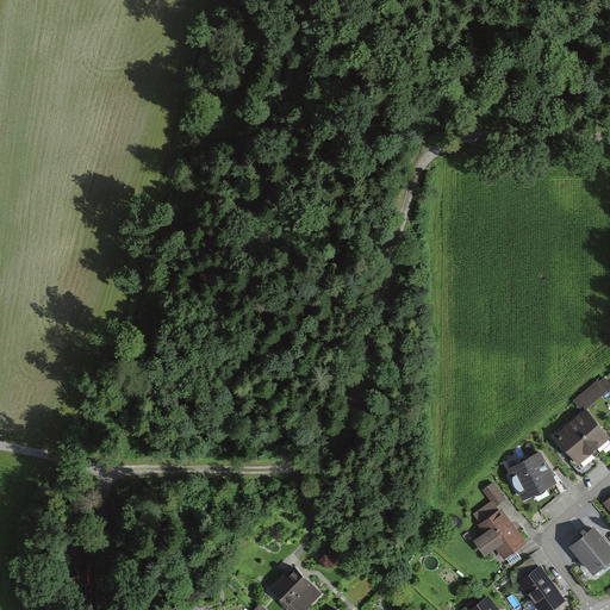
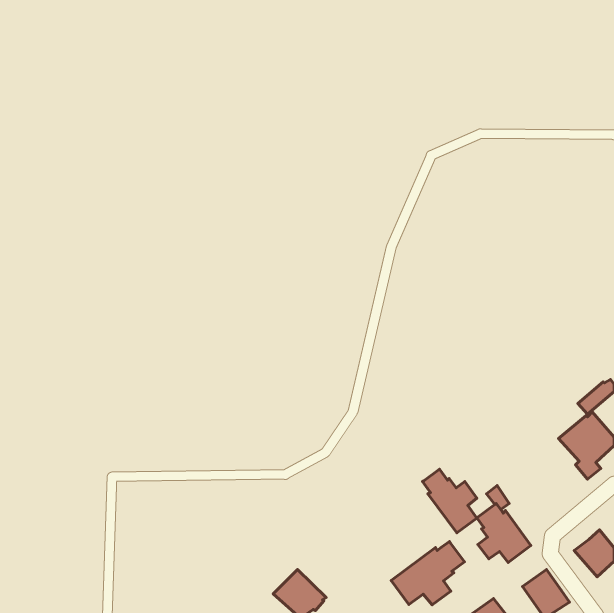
building: [504,450,556,500] -> none
building: none -> [422,469,477,533]
building: none -> [391,542,464,605]

